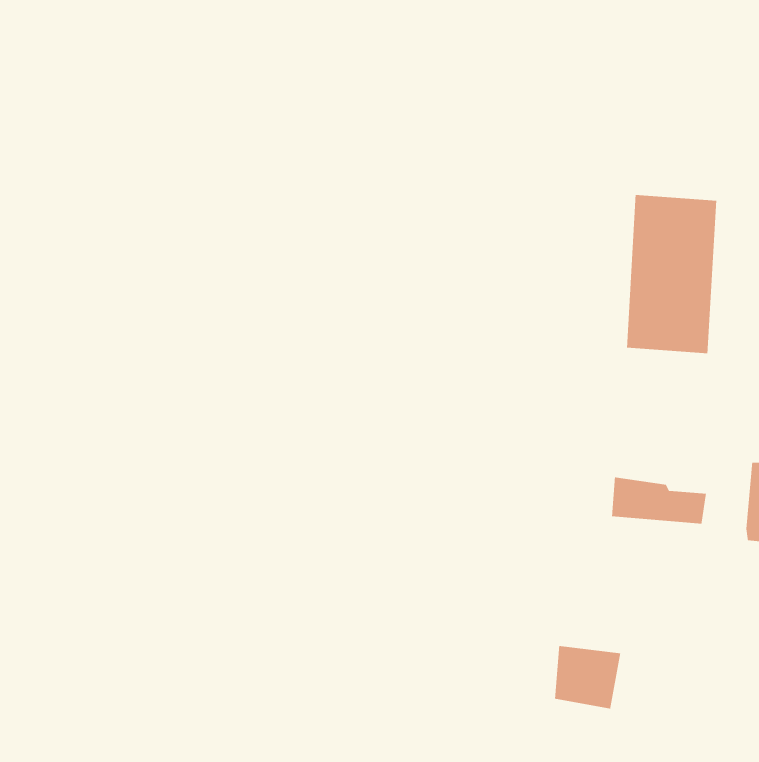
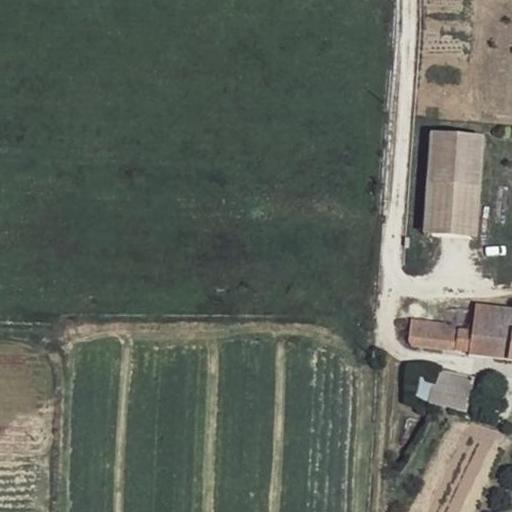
building: none -> [473,305,506,354]
building: [554,645,621,710] -> [423,364,468,407]

